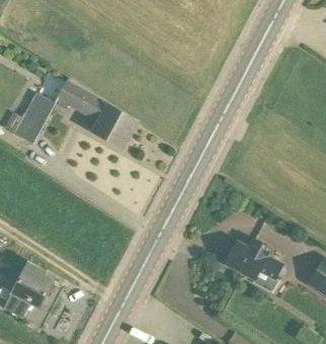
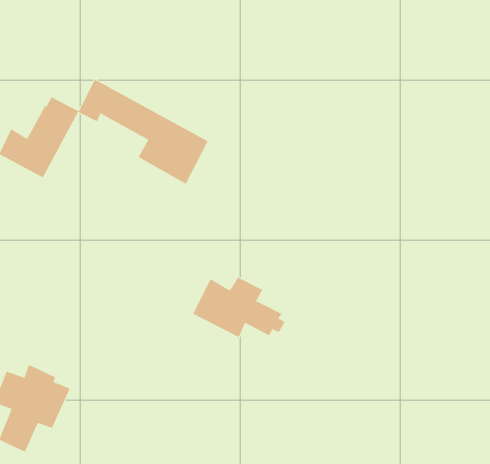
building: [225,241,283,279] -> [192,277,286,338]

